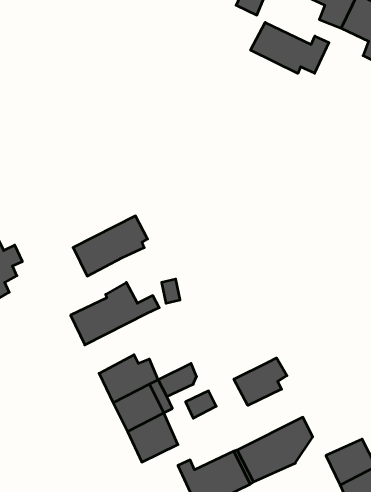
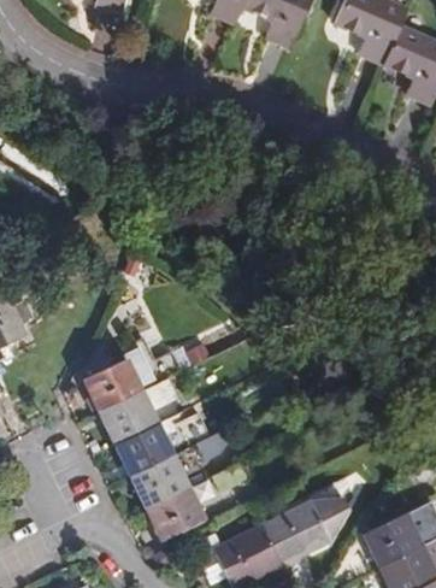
building: [251,22,329,73] -> none
building: [73,216,148,276] -> [99,376,181,442]
building: [234,358,287,405] -> none

